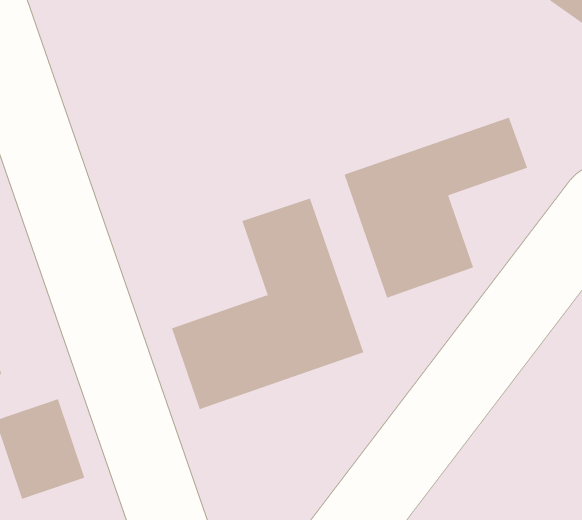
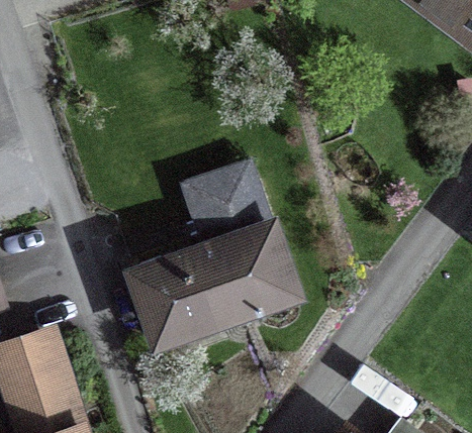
building: [344,117,528,298] -> none

